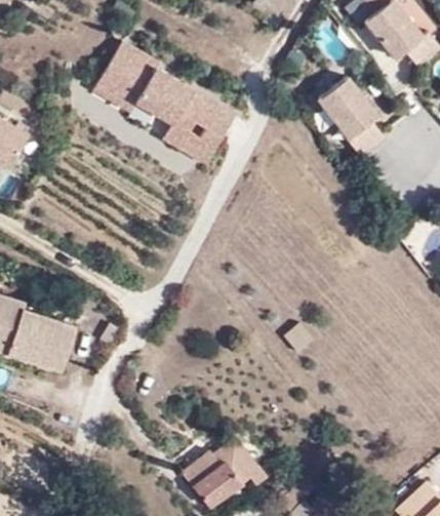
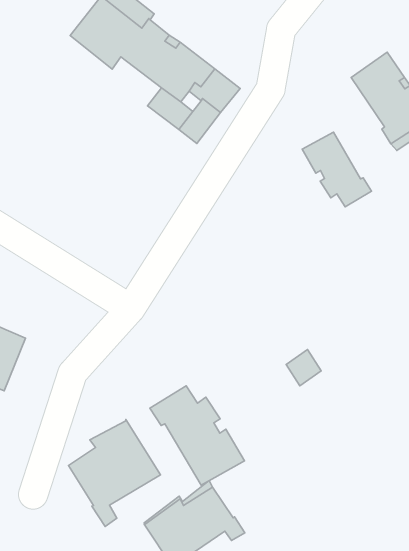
building: none -> [302,132,371,207]
building: none -> [150,386,244,485]
building: none -> [69,419,161,526]

